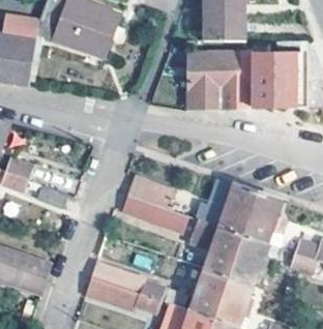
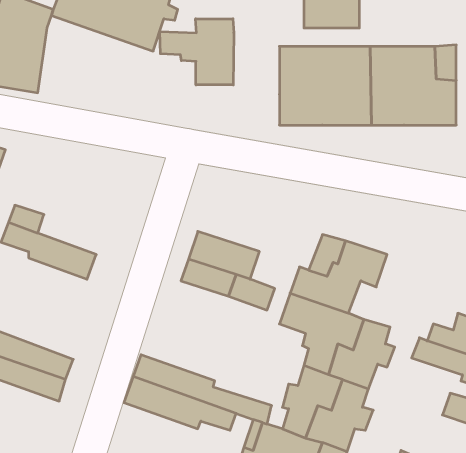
building: none -> [160,19,234,85]
building: [236,193,281,242] -> none

